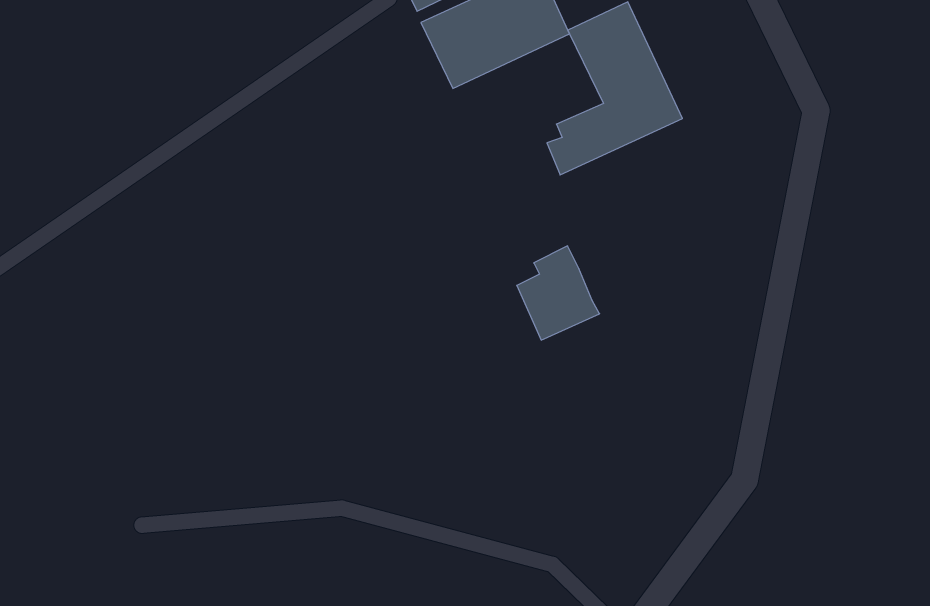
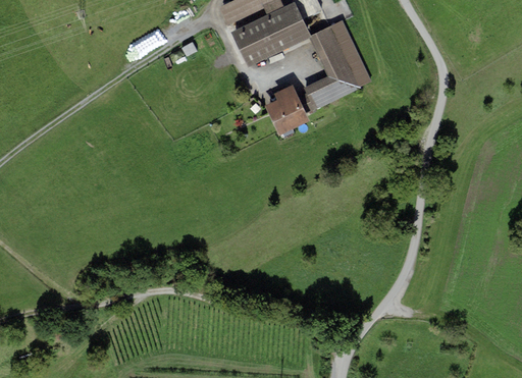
building: [517,246,600,340] -> [265,84,310,134]

